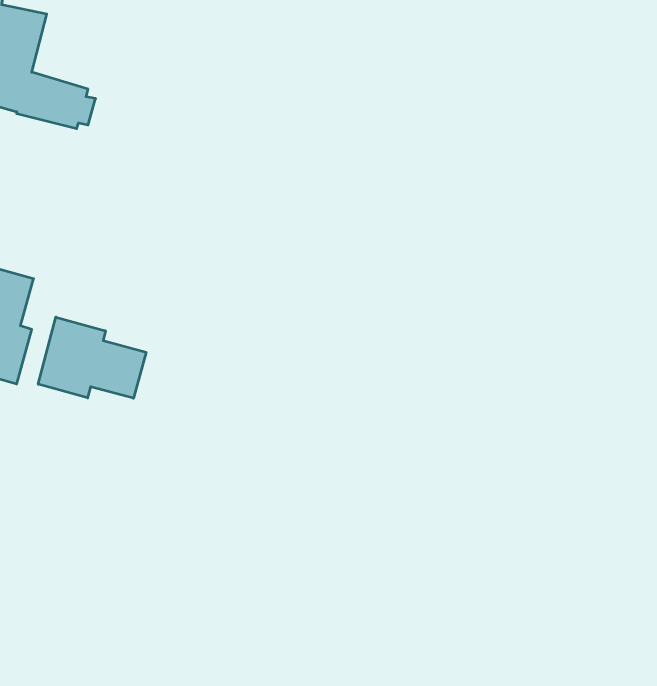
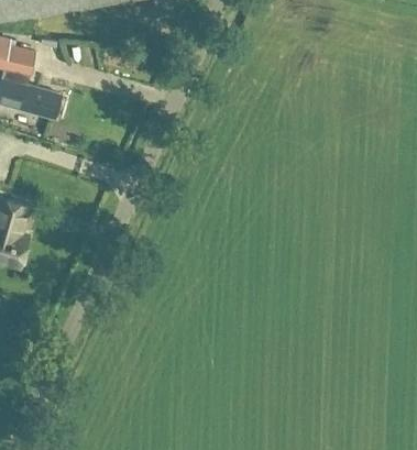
building: [38,317,146,398] -> none

